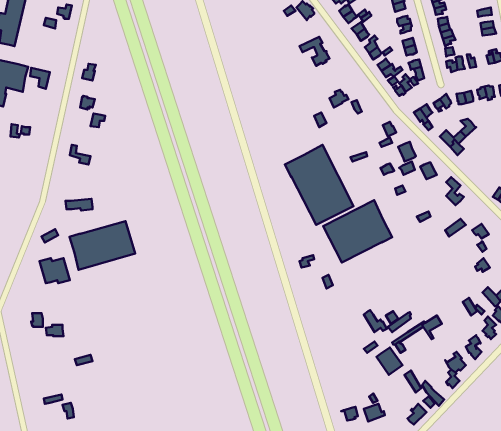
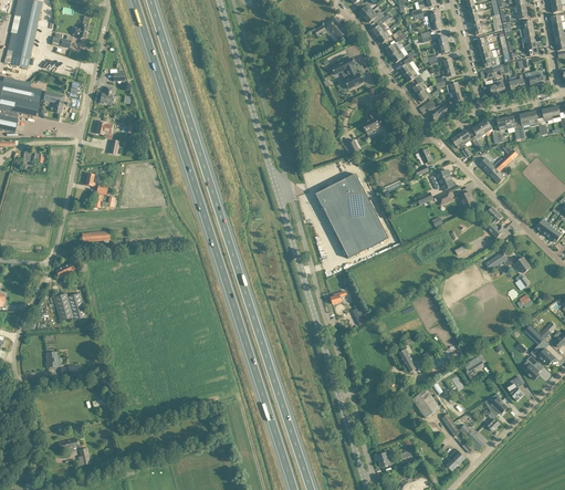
building: [323,200,392,262] -> none
building: [70,221,135,270] -> none

